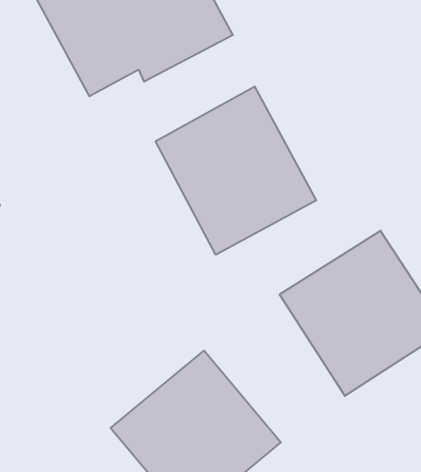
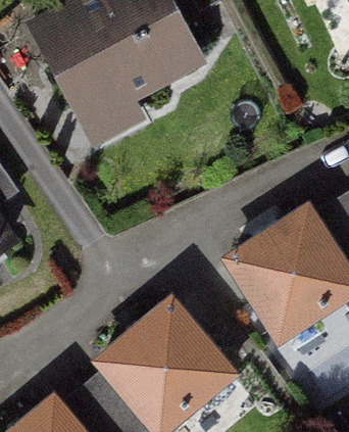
building: [156,86,316,255] -> none

